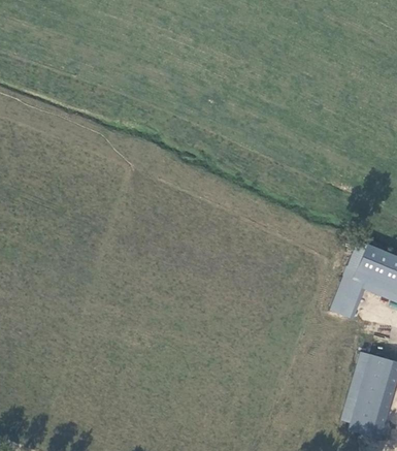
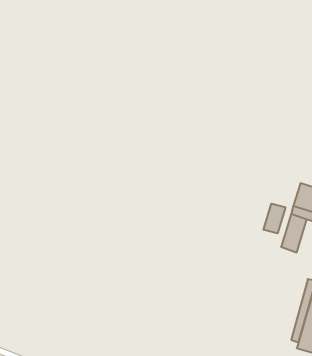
building: none -> [264,204,285,233]

